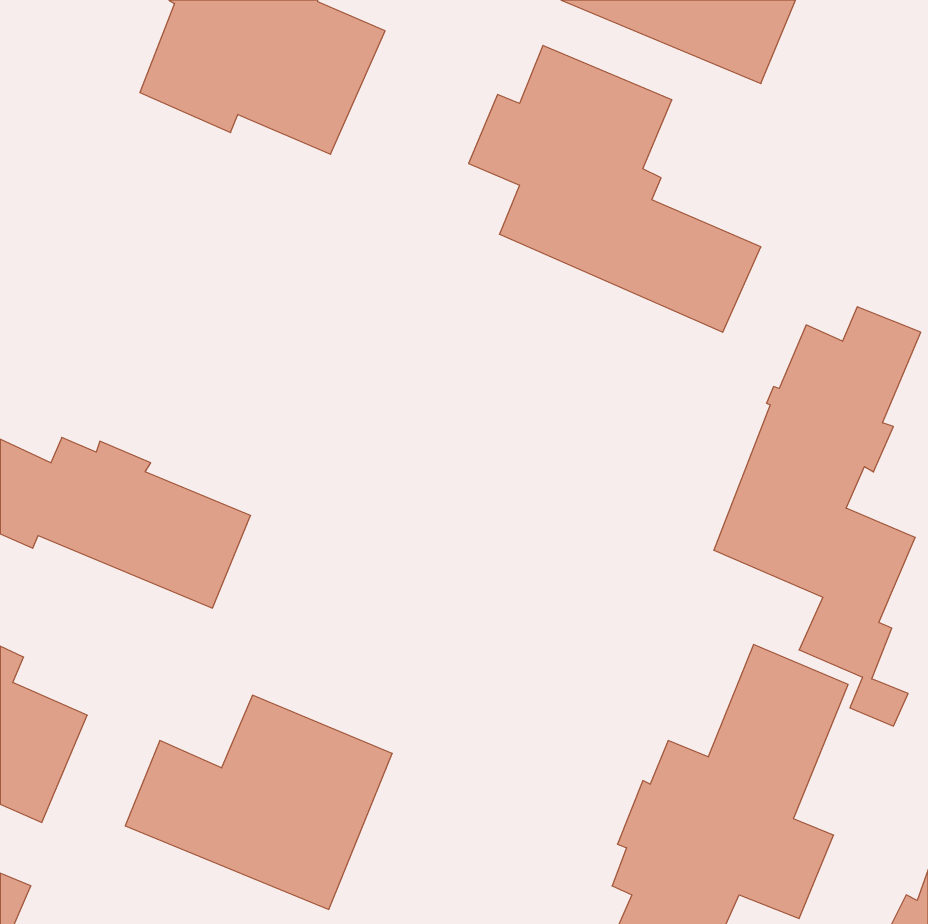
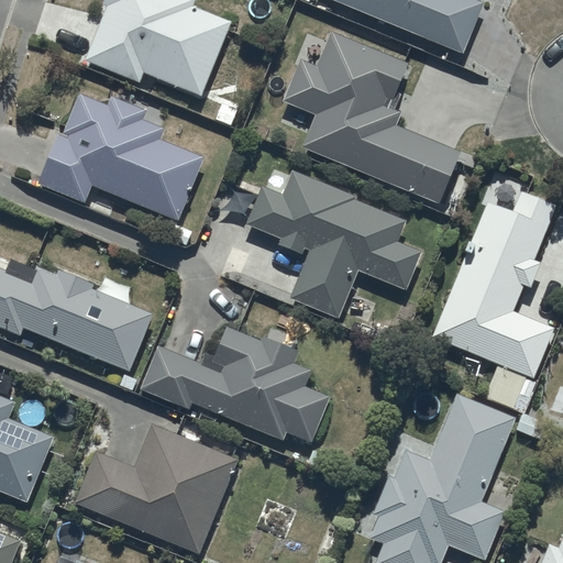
building: none -> [35,92,202,218]
building: none -> [246,170,420,318]
building: none -> [140,325,329,442]

